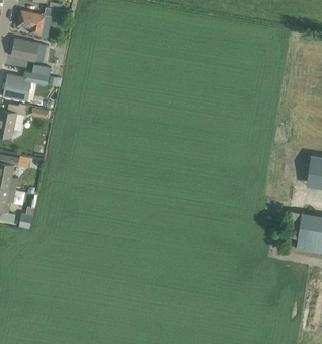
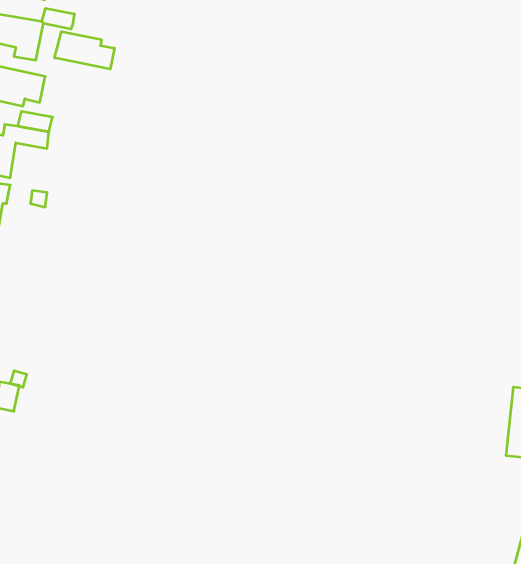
building: none -> [55,32,114,69]

